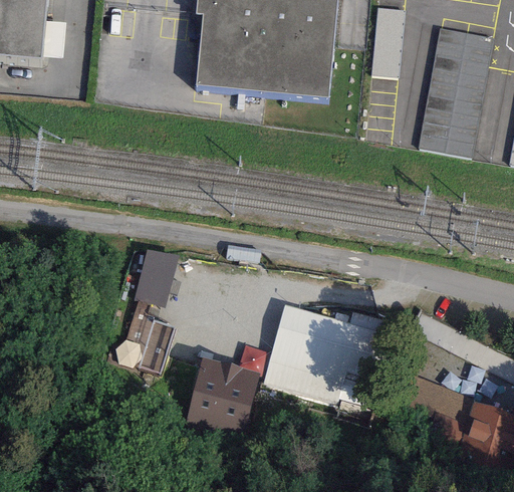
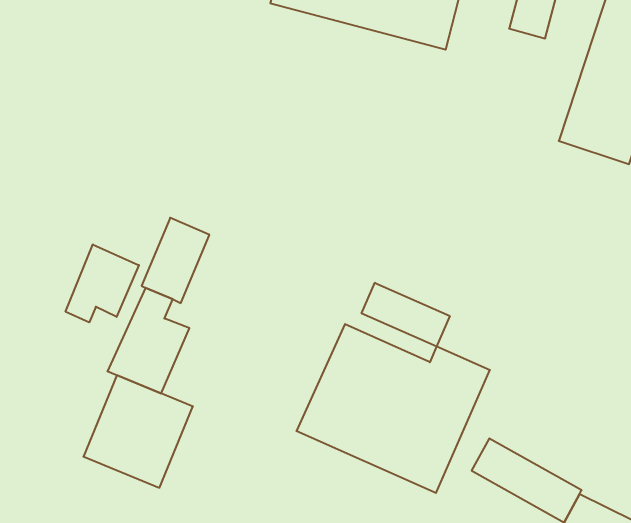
building: none -> [362,283,450,347]
building: none -> [66,244,139,322]
building: [185,359,258,436] -> [83,375,193,488]

